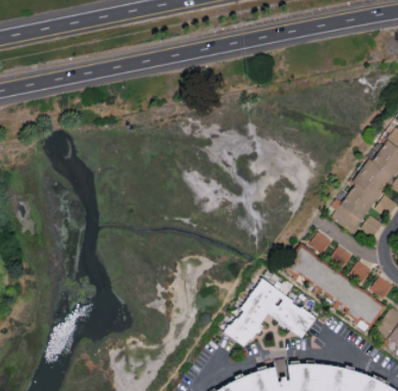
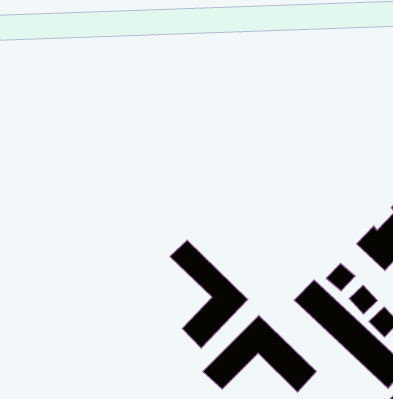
building: none -> [170,240,248,348]

